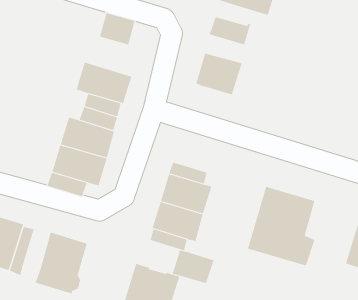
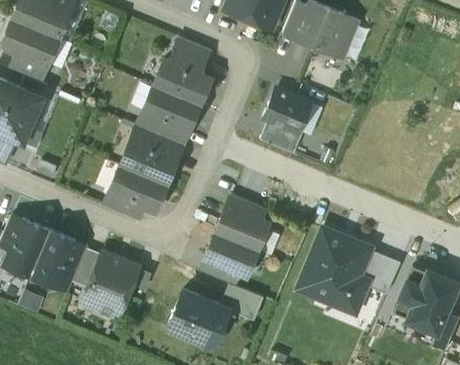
building: [209,16,251,45] -> [259,121,303,153]
building: none -> [153,59,211,105]
building: none -> [357,248,401,293]
building: none -> [72,248,101,288]

